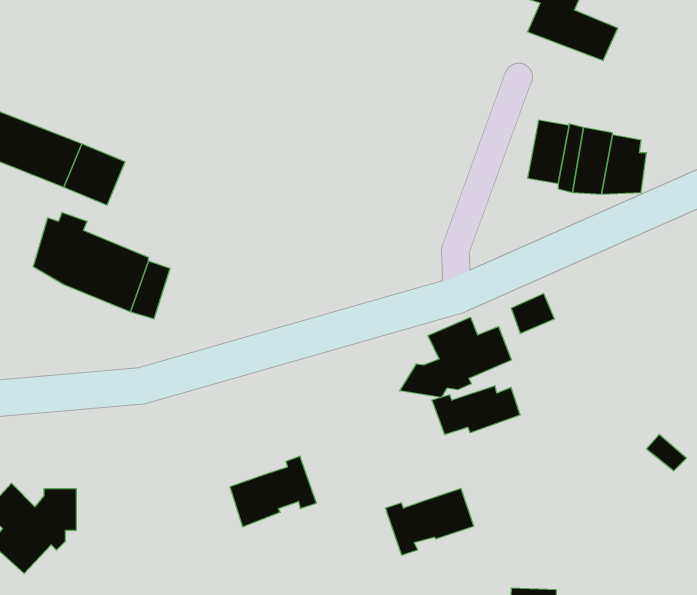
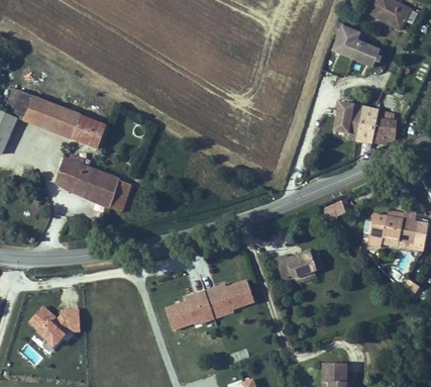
building: none -> [368,212,421,245]
building: [400,317,511,397] -> none
building: [385,488,474,555] -> [205,279,254,316]

